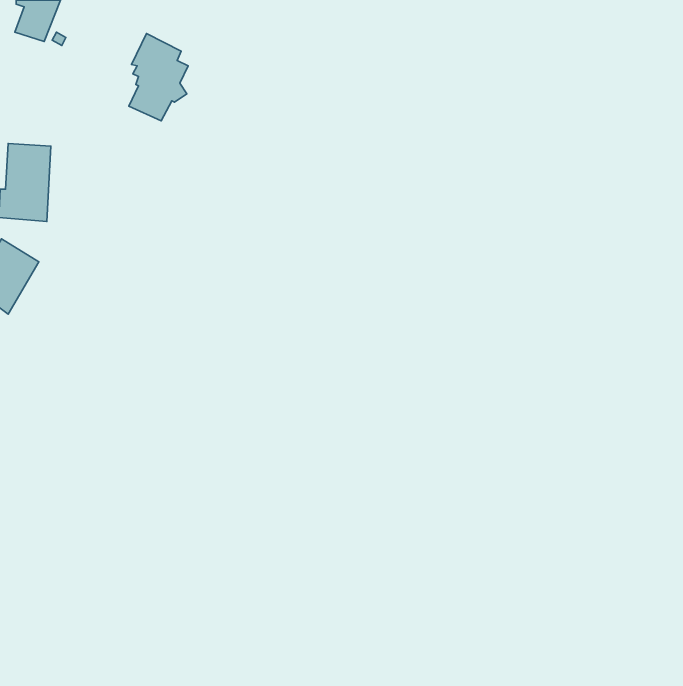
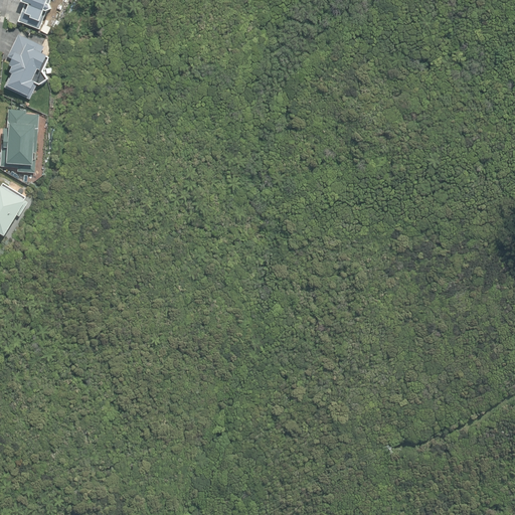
building: [129,34,188,121] -> [4,33,48,99]

